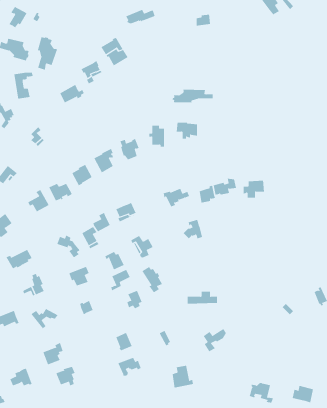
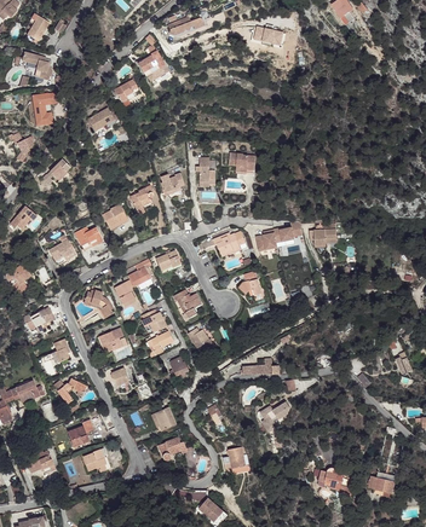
building: [37,36,58,70] -> none
building: [172,89,213,103] -> none

